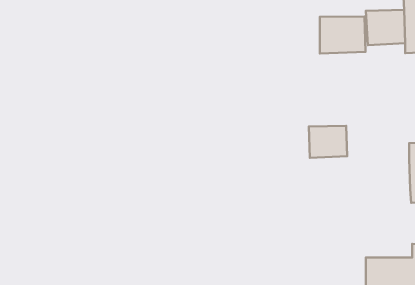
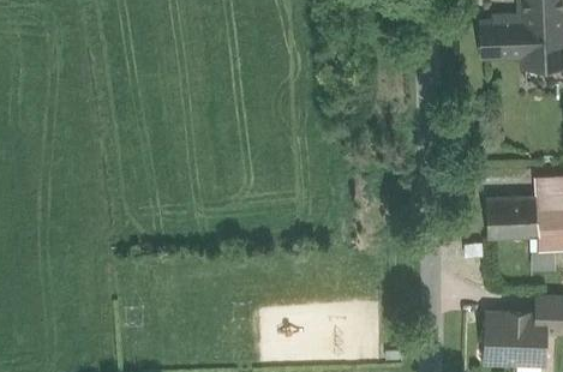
building: [320,16,365,53] -> none
building: [309,126,347,158] -> [485,197,532,236]

